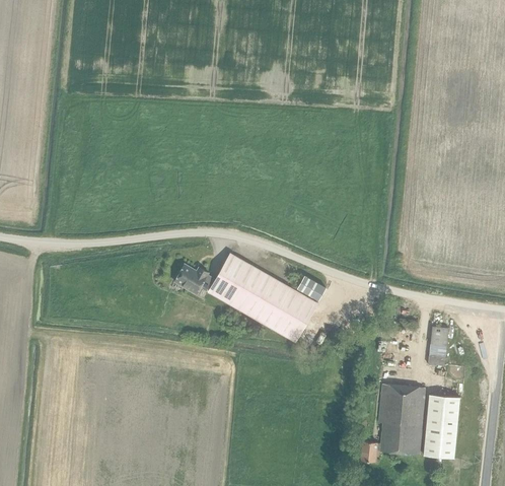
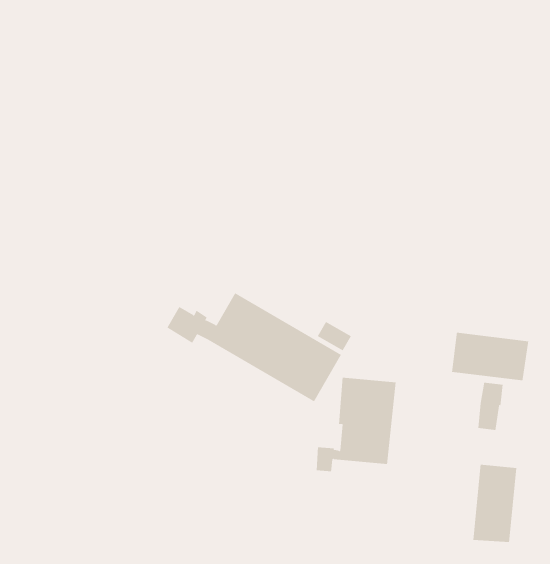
building: none -> [451,332,529,381]
building: [360,383,426,460] -> [316,377,397,472]

